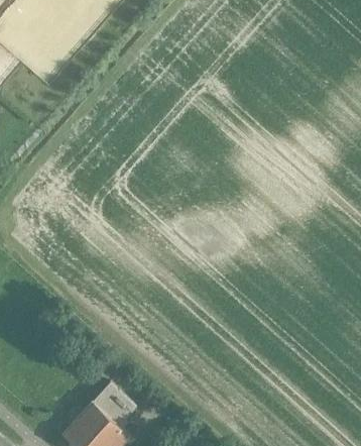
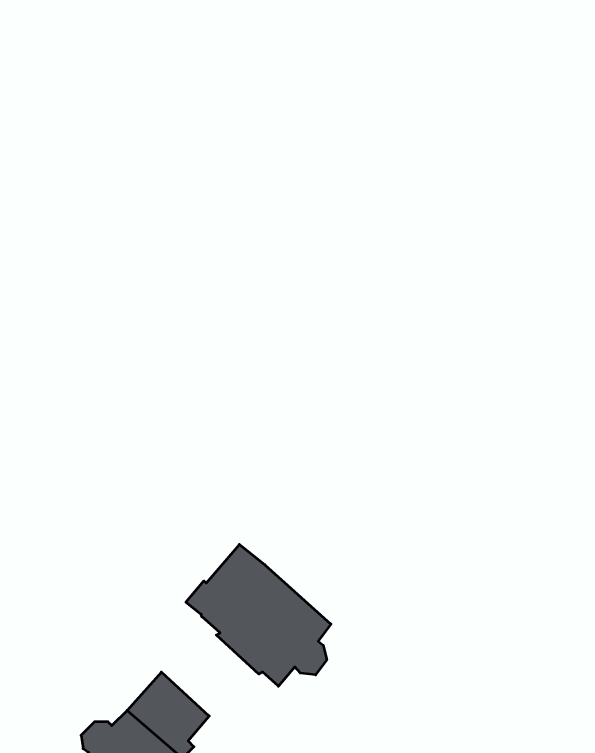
building: none -> [186,544,331,686]

